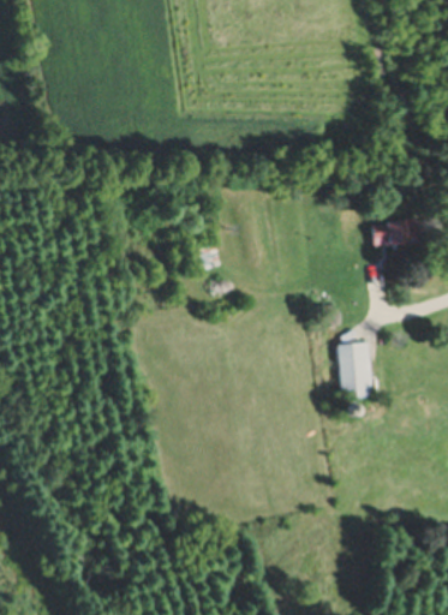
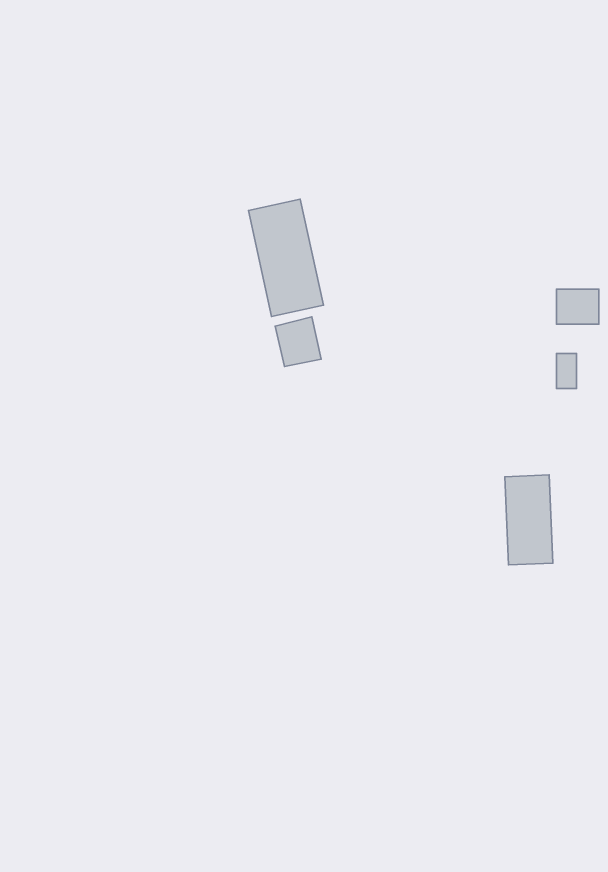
building: none -> [248,199,323,317]

